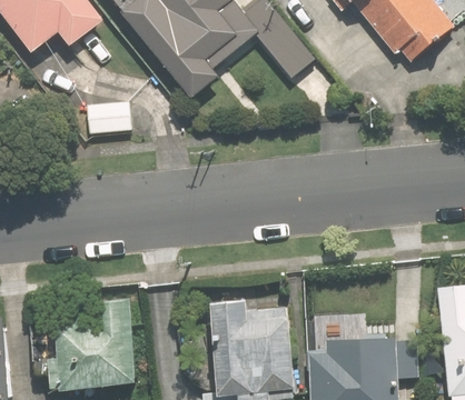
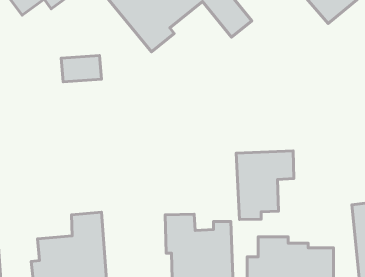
building: none -> [236,151,294,219]

